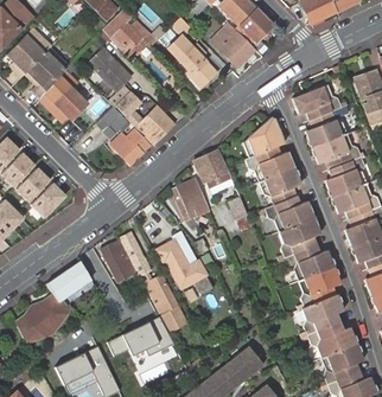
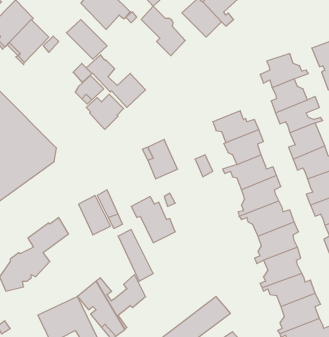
building: [55,87,88,119] -> none
building: [244,116,286,156] -> none
building: [192,145,227,185] -> none

